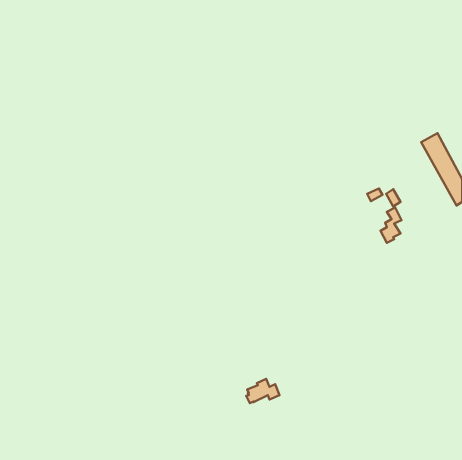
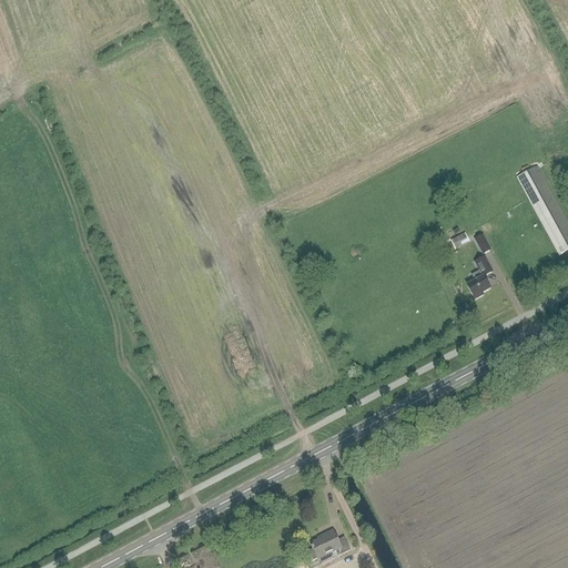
building: [246,379,280,403] -> [310,528,351,558]

